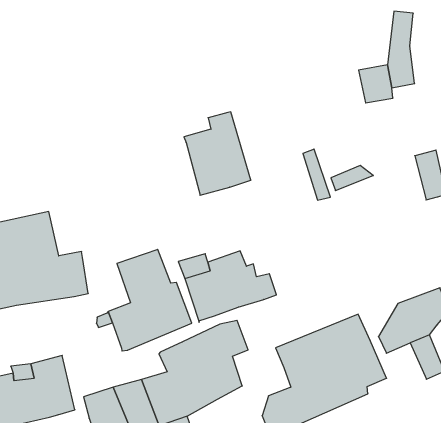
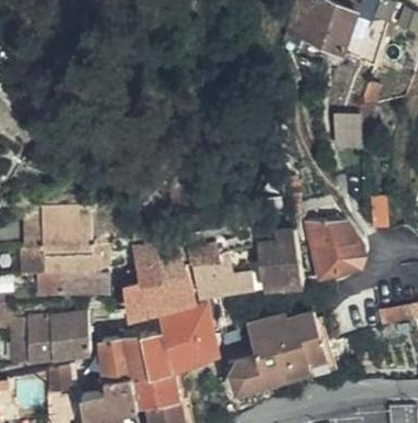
building: [184,112,251,195] -> [256,227,302,287]
building: none -> [306,221,362,277]
building: none -> [56,270,101,294]

